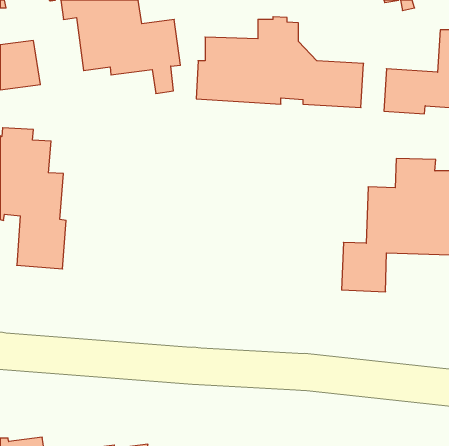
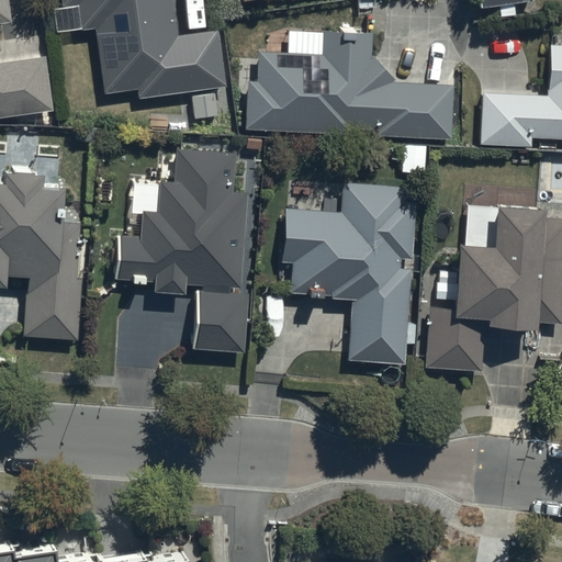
building: none -> [113,146,249,352]
building: none -> [282,183,416,366]

